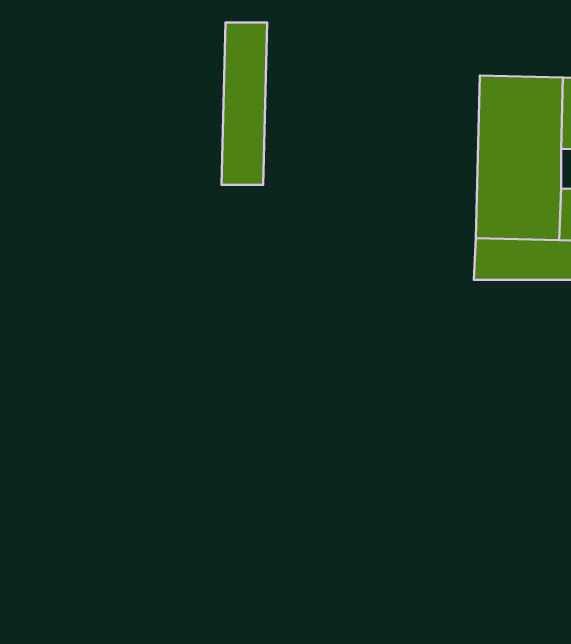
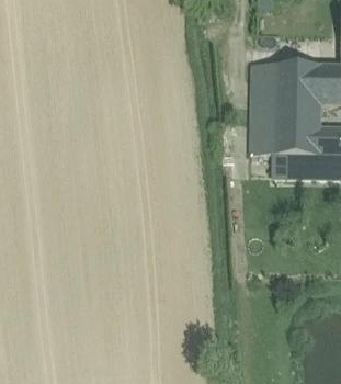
building: [222,22,267,185] -> [249,63,274,153]

